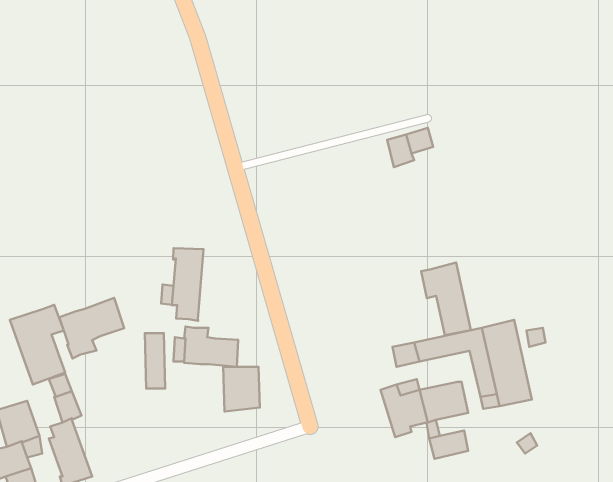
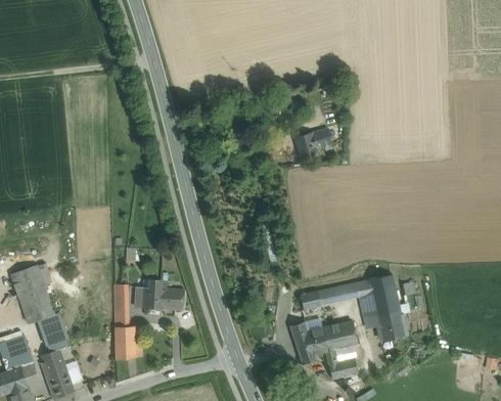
building: [172,248,203,321] -> none
building: [421,263,471,335] -> none
building: [59,298,124,358] -> none
building: [223,367,260,412] -> [115,326,142,360]

